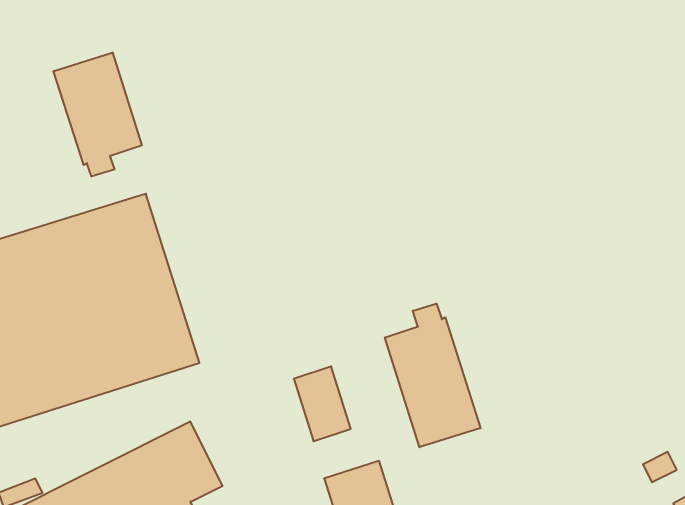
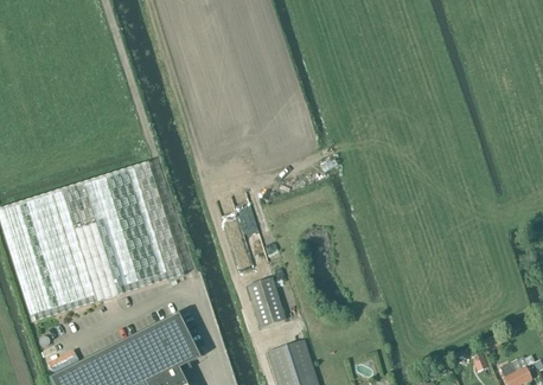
building: [53,53,142,176] -> none
building: [385,304,481,447] -> none

